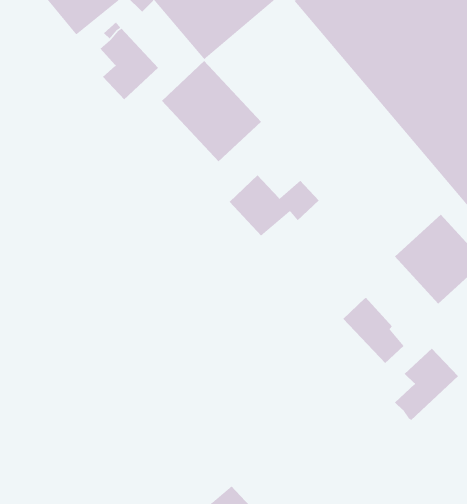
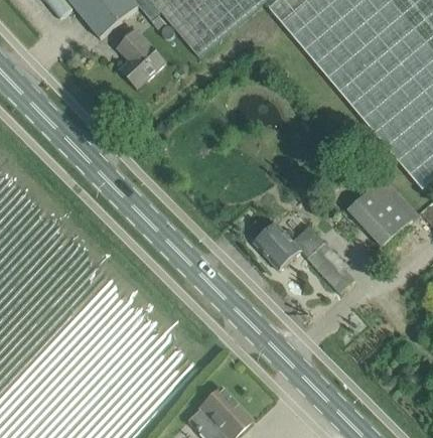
building: [161,60,262,162] -> none
building: [229,175,320,237] -> [255,222,325,270]
building: [394,348,459,421] -> none

